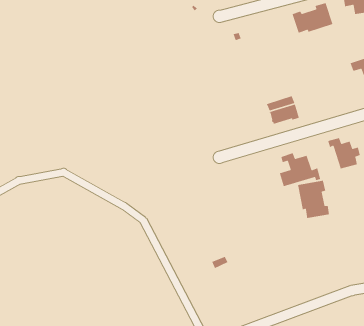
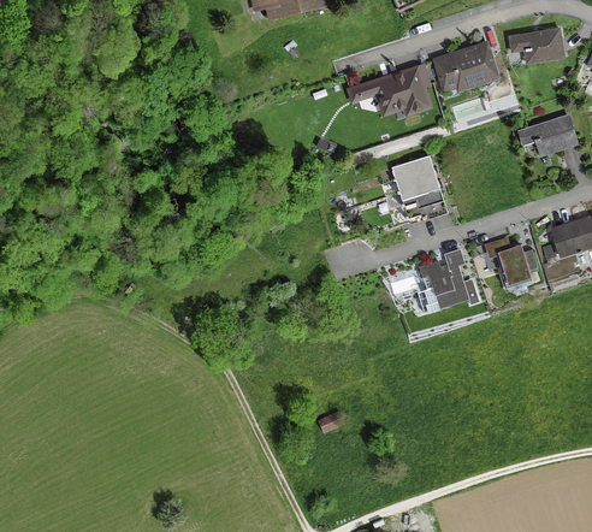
building: none -> [374,65,430,113]
building: none -> [392,154,437,190]
building: [297,180,330,219] -> none

